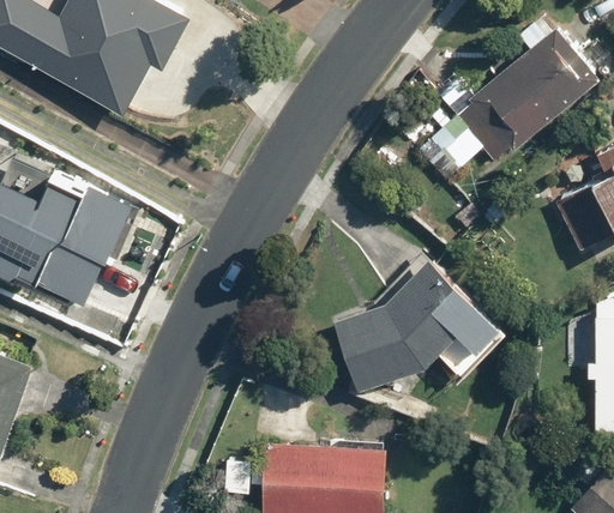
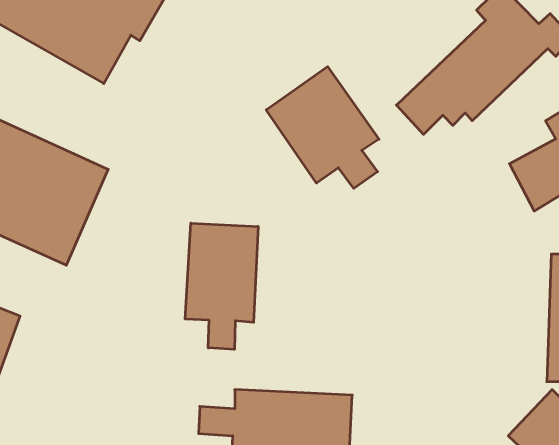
building: none -> [266,67,379,188]
building: [332,256,504,391] -> none
building: none -> [185,223,258,349]

